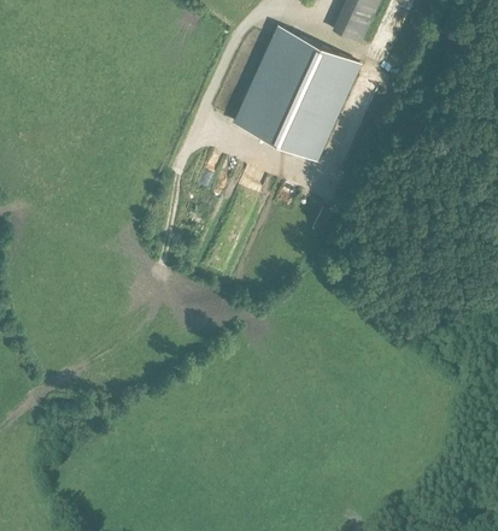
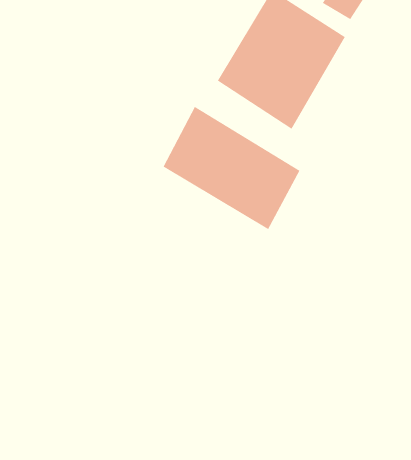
building: none -> [163,106,300,230]

